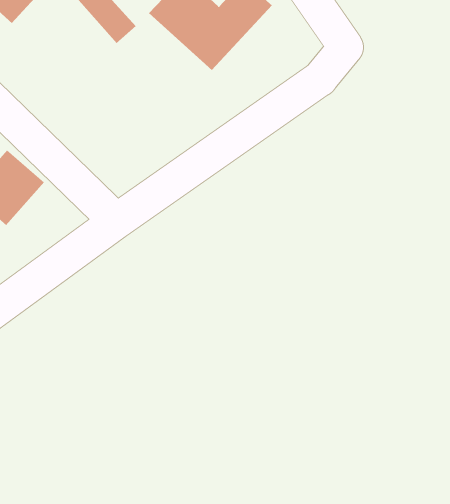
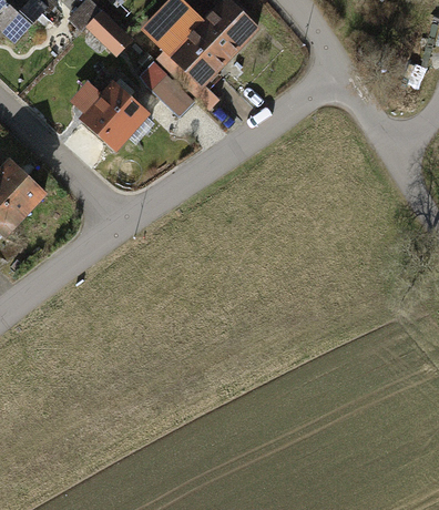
building: none -> [136,60,196,116]
building: none -> [79,85,140,147]

